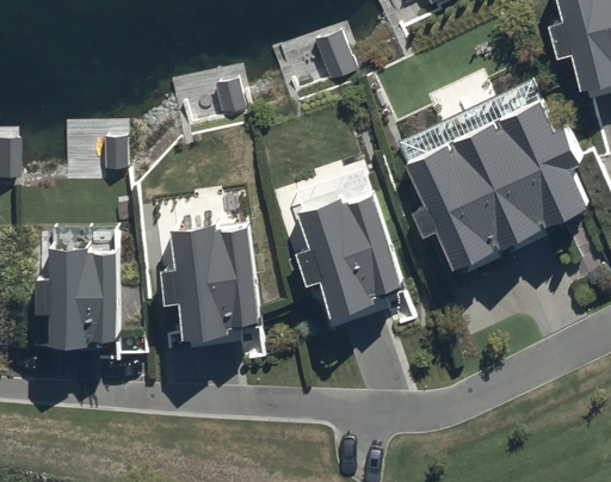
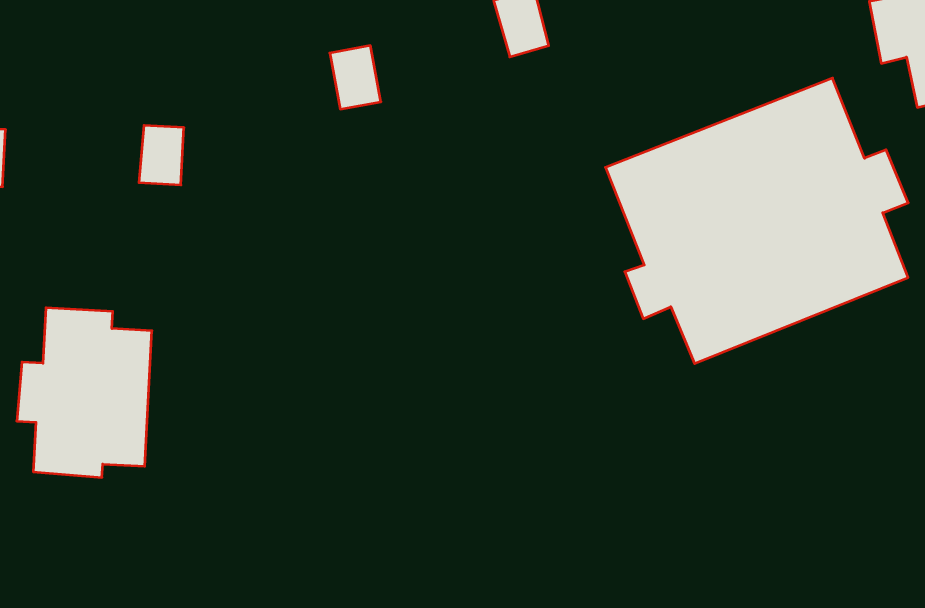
building: [298,196,407,326] -> none
building: [174,223,269,354] -> none

